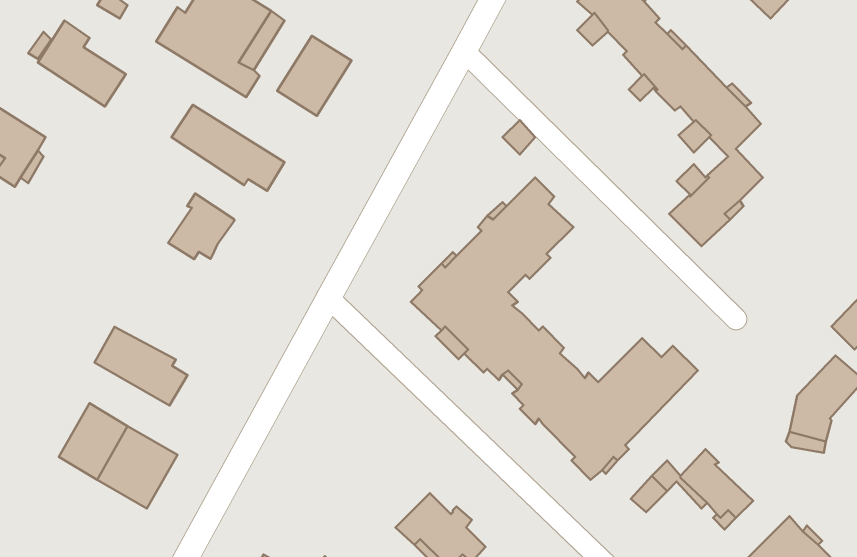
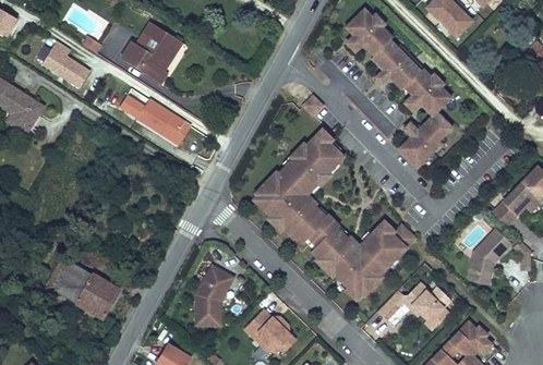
building: [277,36,352,116] -> none
building: [168,193,234,259] -> none
building: [95,327,187,405] -> none
building: none -> [196,264,233,324]

